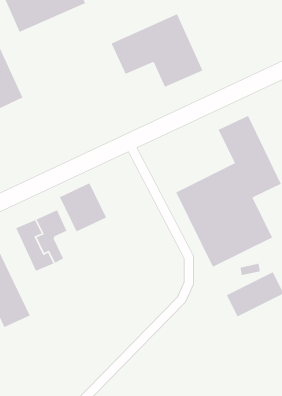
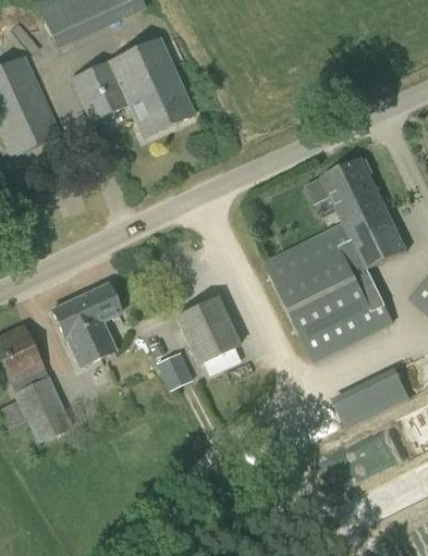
building: [111,13,204,88] -> [71,37,195,137]
building: [59,182,107,233] -> [175,297,240,365]
building: none -> [157,350,193,390]

